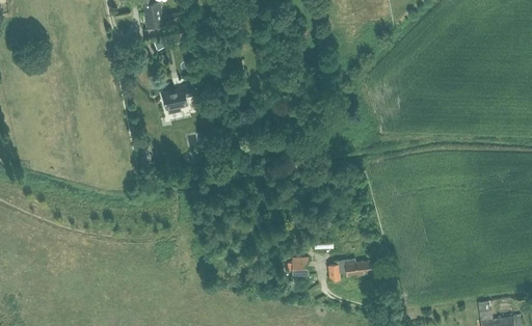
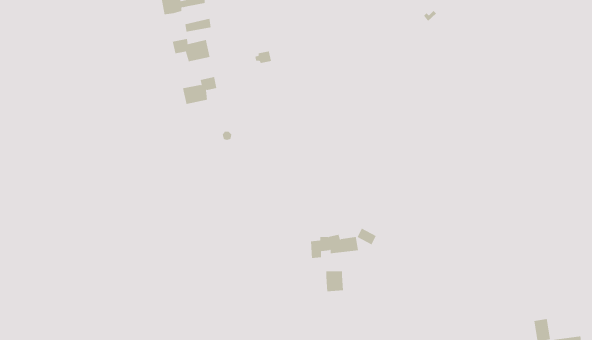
building: none -> [172,38,210,62]
building: [328,259,372,280] -> [310,234,359,259]

